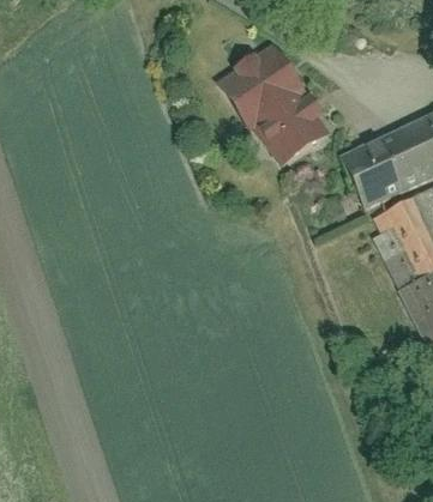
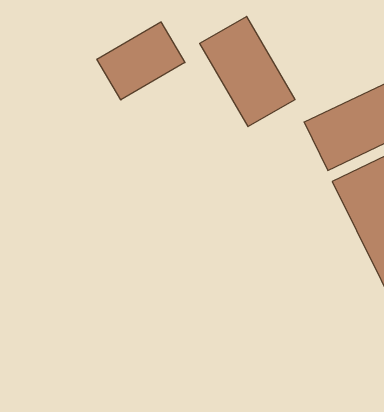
building: none -> [97,22,185,100]

